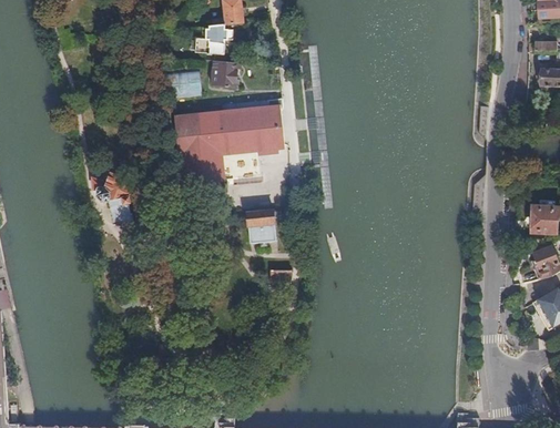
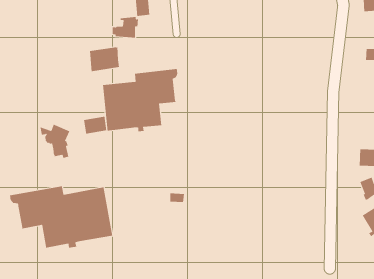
building: [212,60,237,85] -> none
building: none -> [84,116,107,135]
building: [247,208,276,242] -> none
building: none -> [10,186,113,249]

